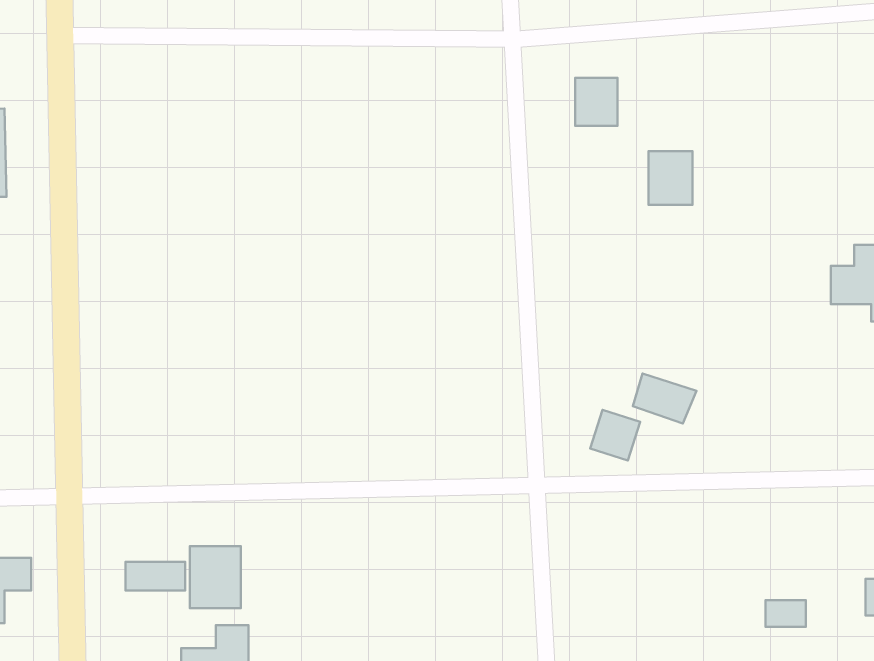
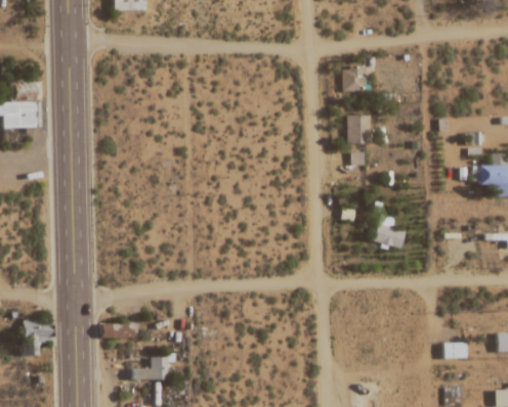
building: [648,151,693,205] -> [347,116,371,144]
building: [590,410,640,461] -> none
building: [190,546,241,608] -> none

